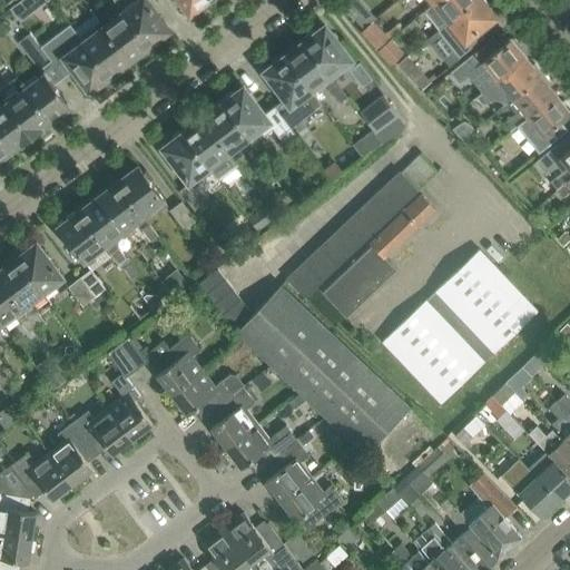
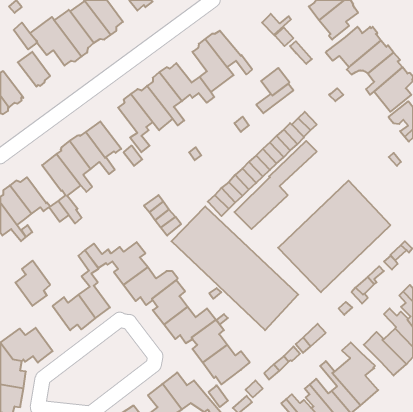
building: [302,28,372,89] -> none
building: [4,86,50,137] -> none
building: [49,423,97,485] -> [15,261,50,306]

